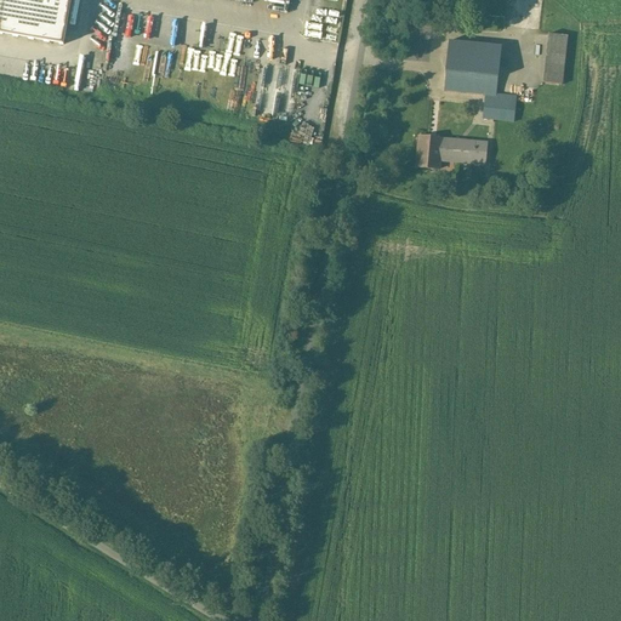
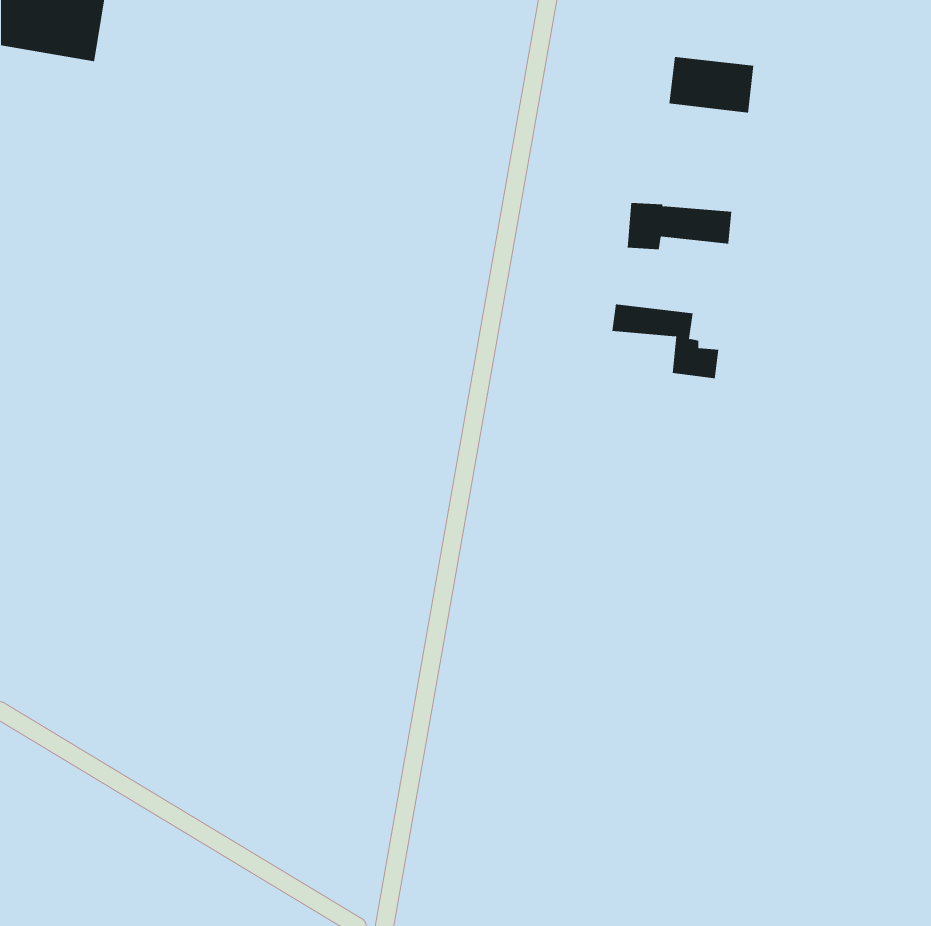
building: [543,32,568,81] -> none
building: [444,69,515,119] -> [612,304,719,379]

